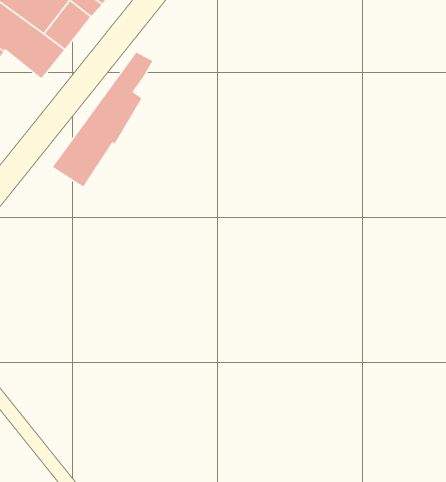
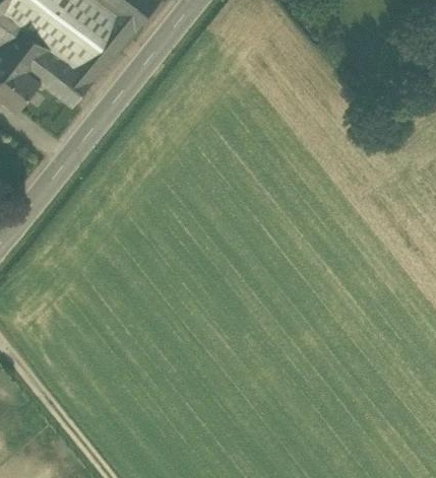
building: [52,51,154,188] -> none

